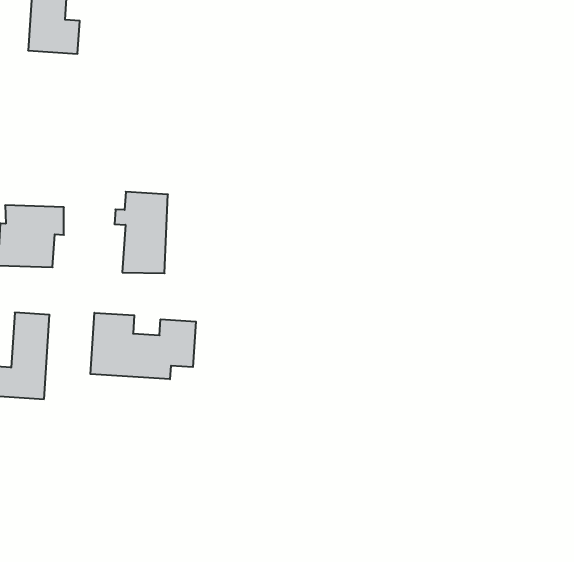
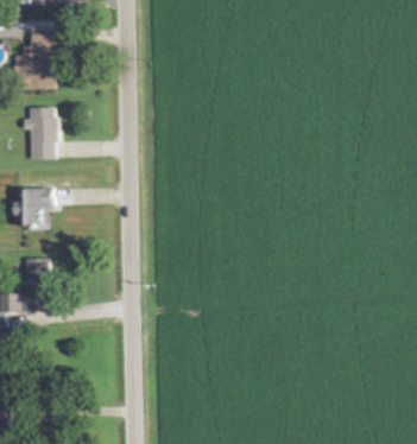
building: [114,192,168,273] -> [24,107,58,159]
building: [90,313,196,379] -> none

